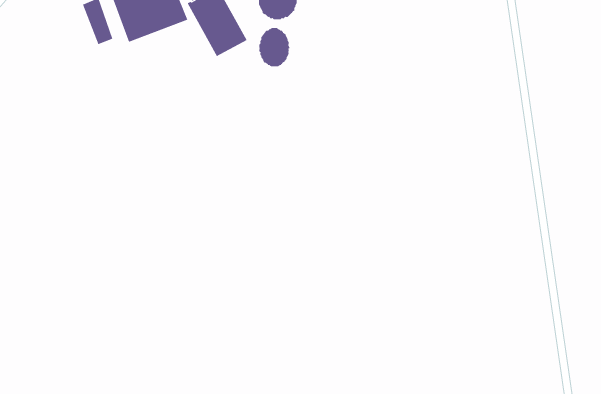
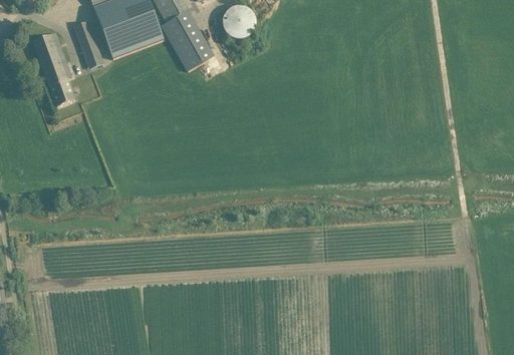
building: none -> [32,32,74,105]
building: [259,27,290,67] -> none

